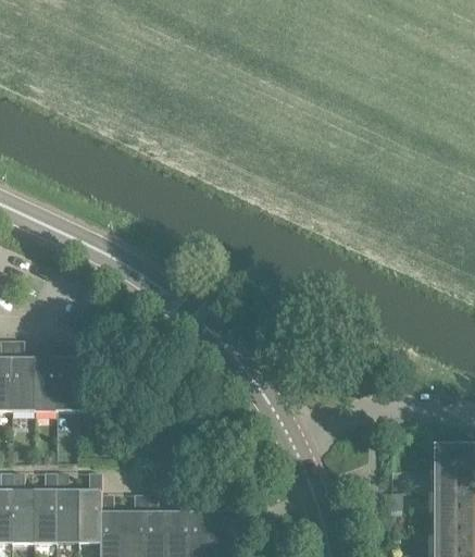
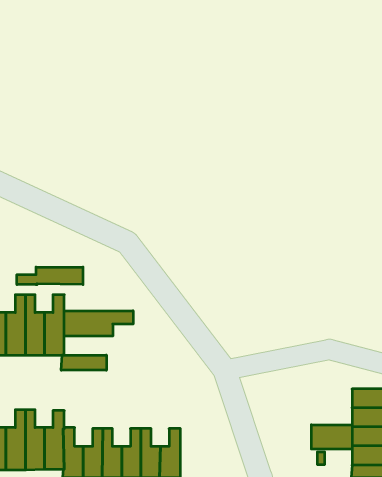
building: none -> [17,267,83,285]
building: none -> [64,311,133,336]
building: none -> [61,355,106,370]
building: none -> [311,425,352,449]

